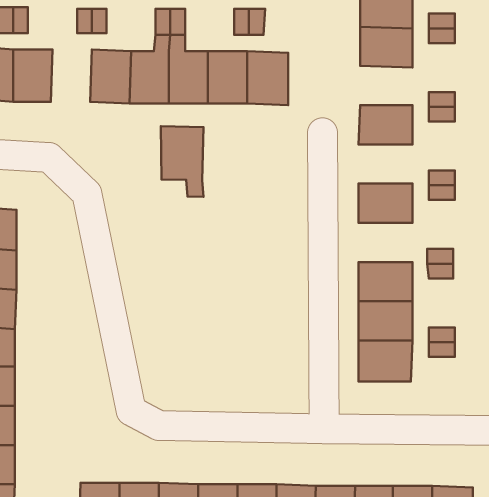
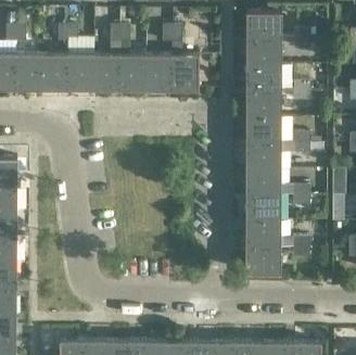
building: none -> [40,53,67,88]
building: none -> [245,64,280,90]
building: [161,126,204,197] -> none
building: none -> [244,116,280,142]
building: none -> [244,168,280,194]

